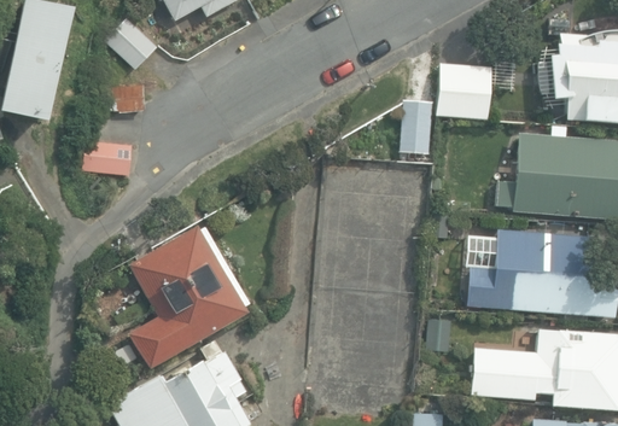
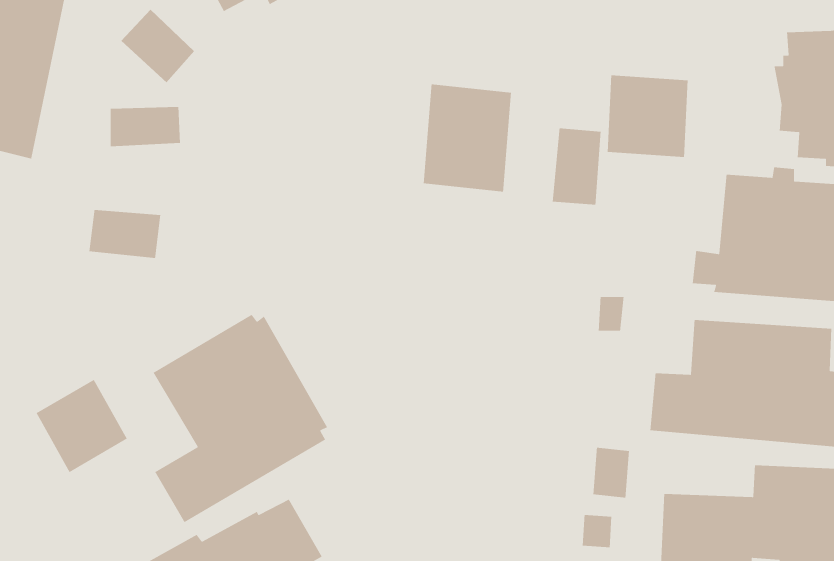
building: none -> [423,83,512,192]
building: none -> [36,379,128,473]

